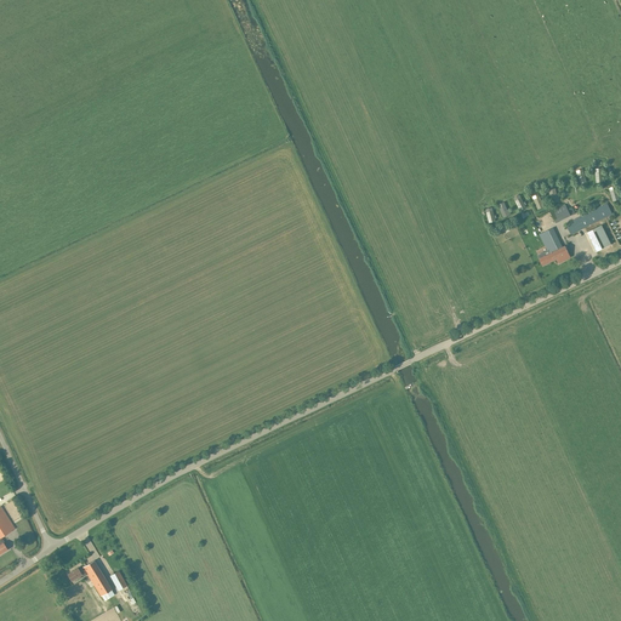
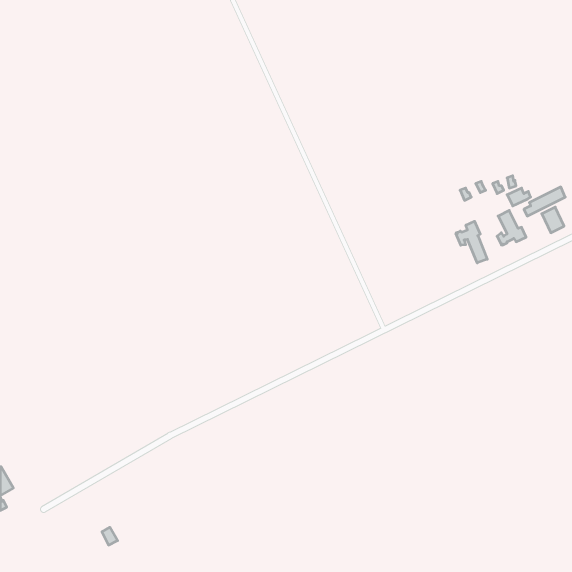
building: none -> [456,221,487,263]
building: [68,560,115,602] -> none

